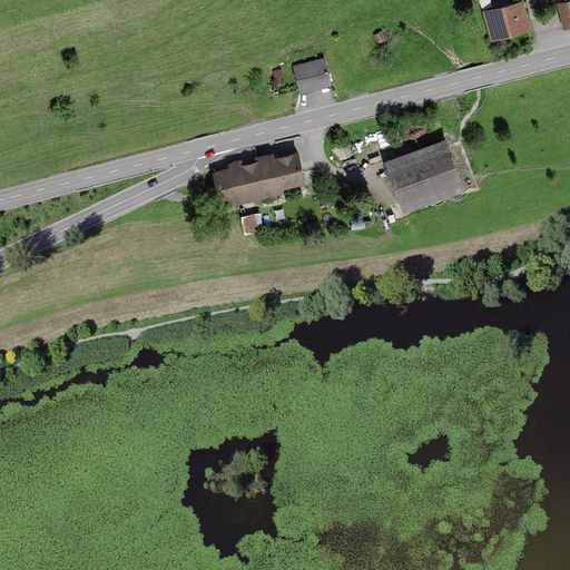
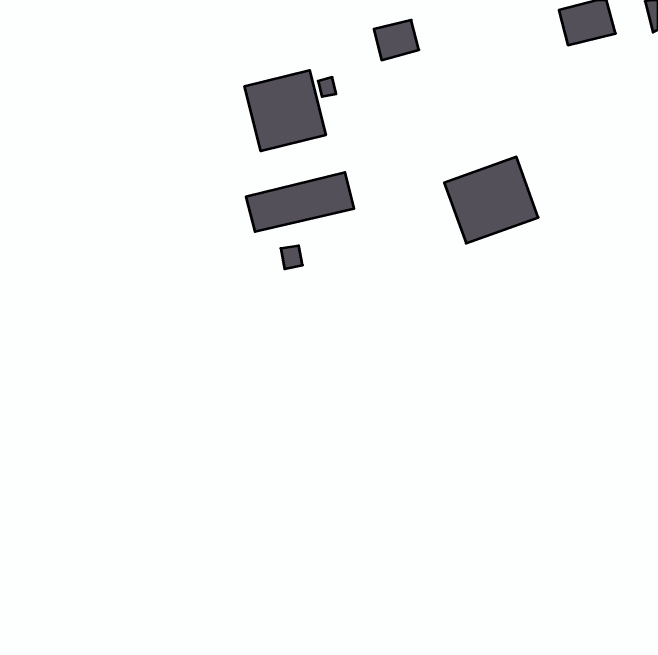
building: [293,59,332,94] -> [374,20,419,60]
building: none -> [245,70,326,151]

